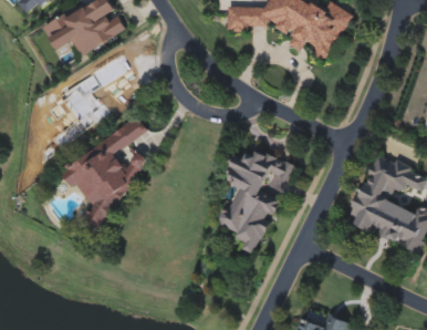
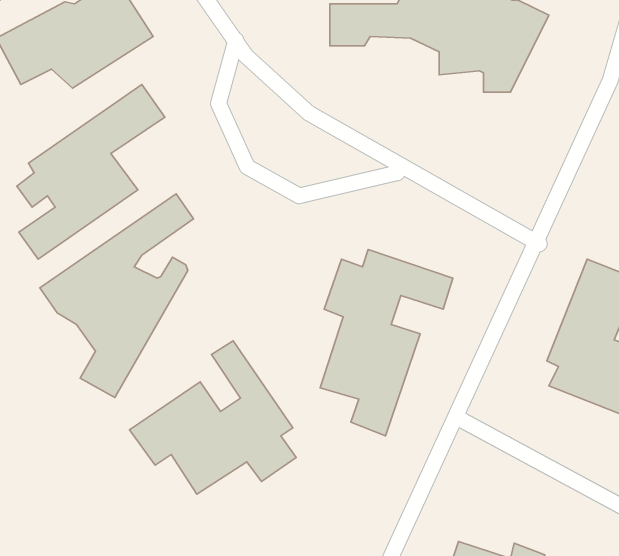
building: none -> [129,341,296,494]

